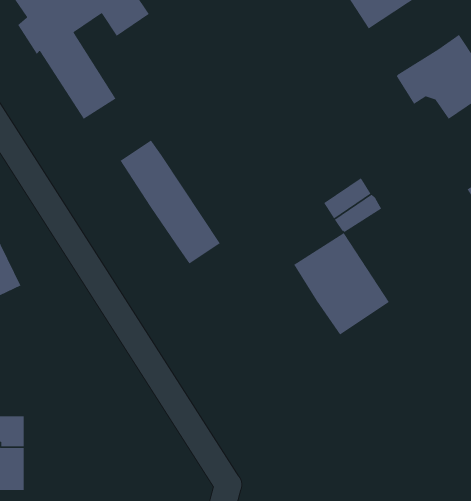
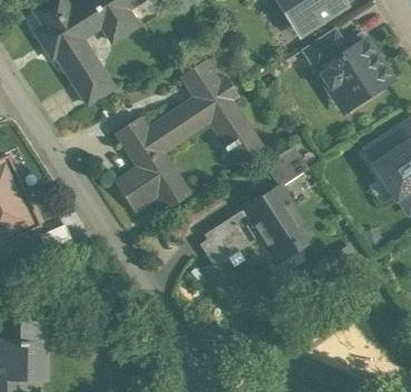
building: none -> [306,28,349,68]
building: none -> [145,59,262,163]
building: none -> [112,167,155,210]
building: none -> [199,209,258,265]

